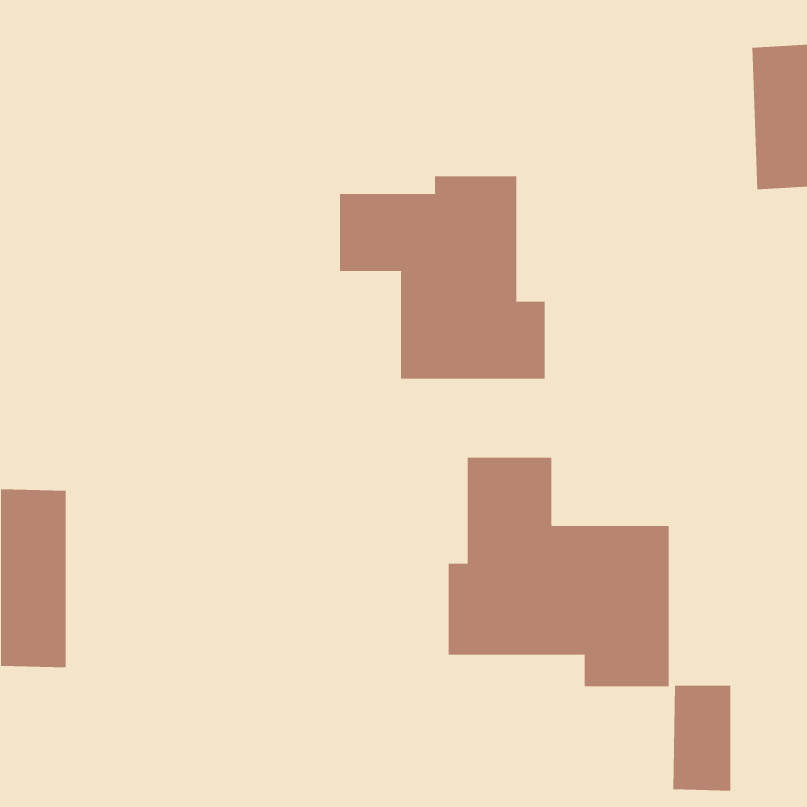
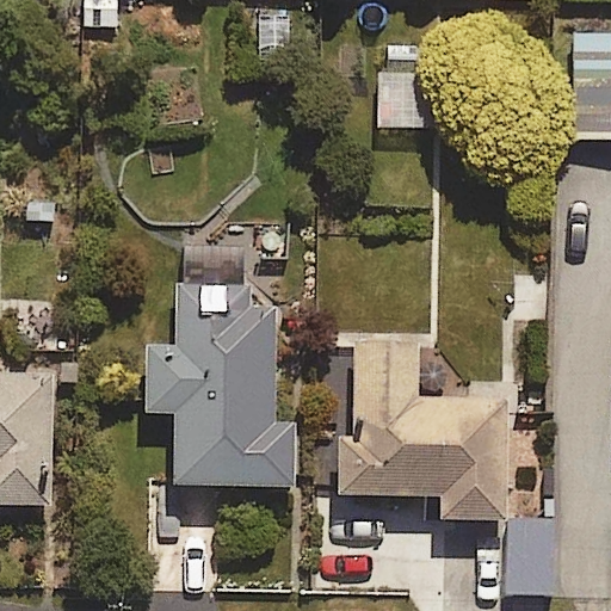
building: [340,176,545,379] -> none
building: none -> [147,283,294,488]

